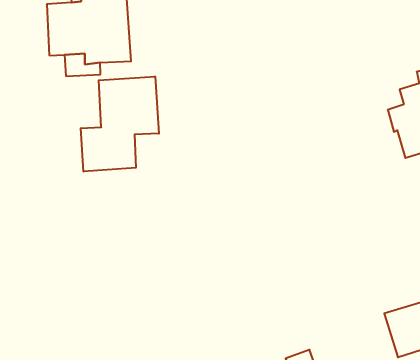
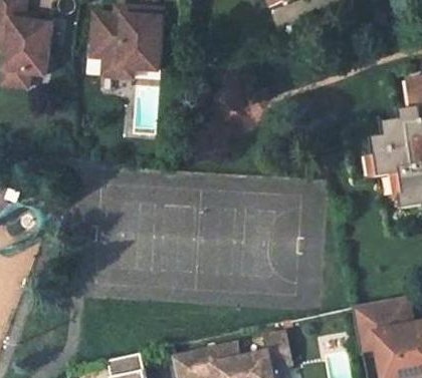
building: [81,76,159,172] -> none

